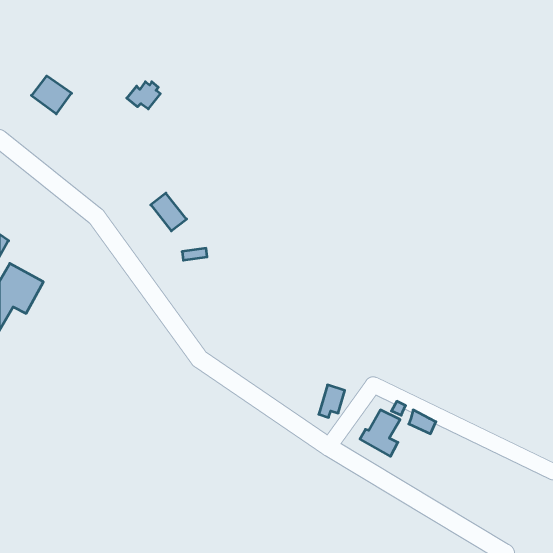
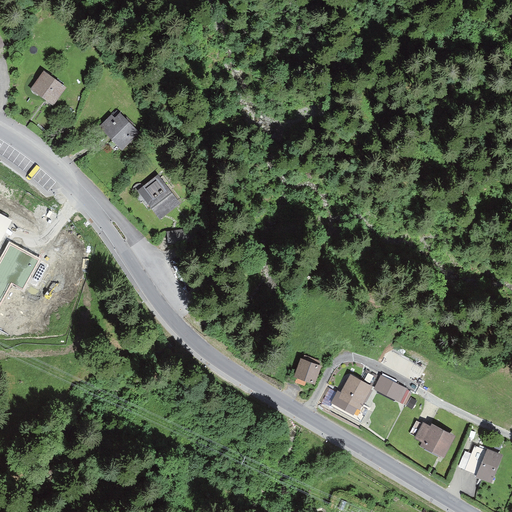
building: [127,82,160,109] -> [101,117,132,142]
building: none -> [415,423,451,451]
building: none -> [464,445,499,479]

